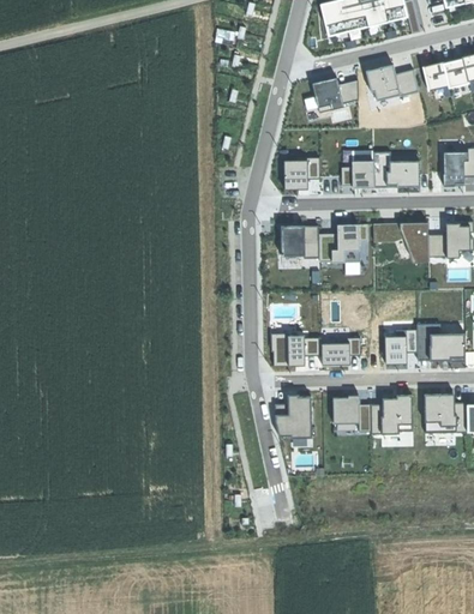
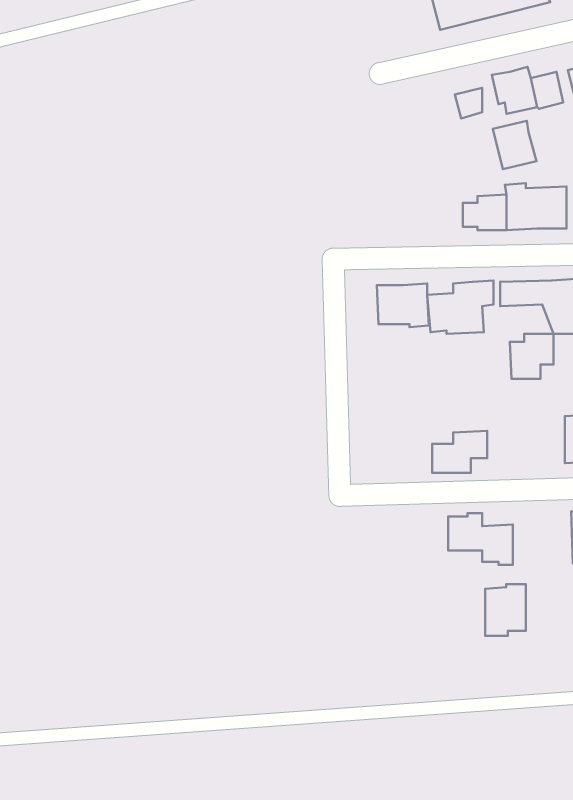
building: [311,77,343,113] -> [493,121,537,169]
building: [286,156,322,188] -> none
building: [386,329,419,362] -> [510,334,553,379]
building: [270,333,320,367] -> none
building: [274,395,310,438] -> none
building: [380,396,410,434] -> [485,584,526,636]

